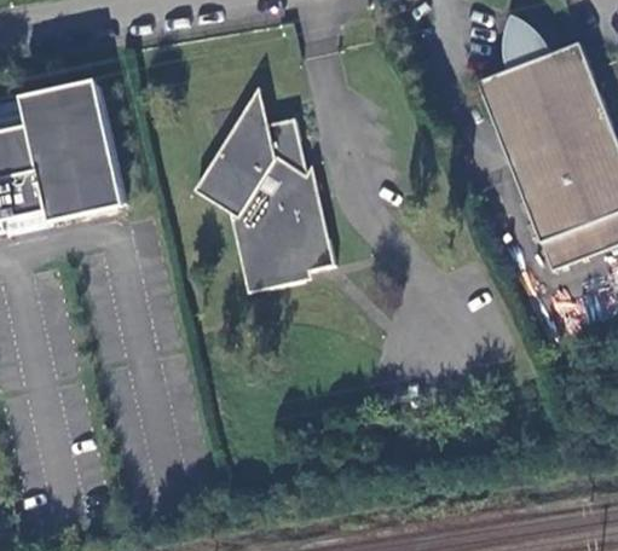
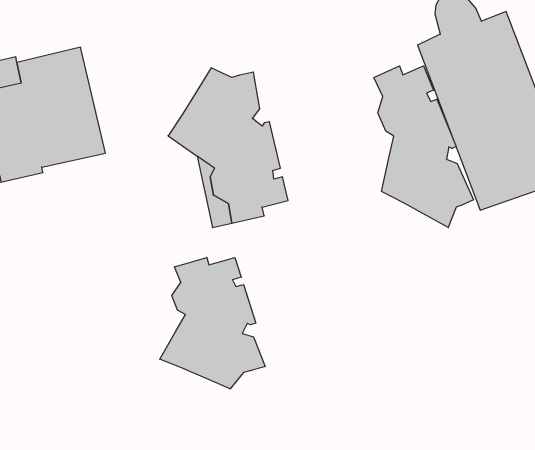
building: none -> [374,66,473,228]
building: none -> [160,257,265,389]

